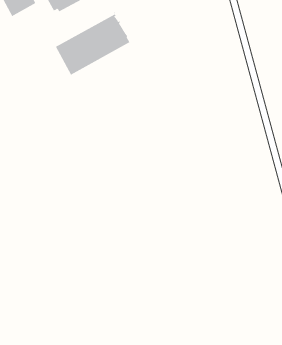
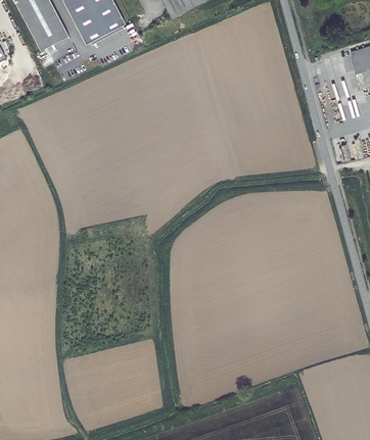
building: [55,11,130,75] -> none

